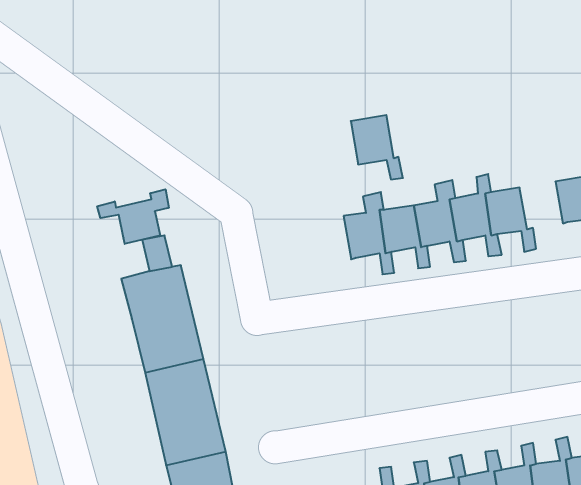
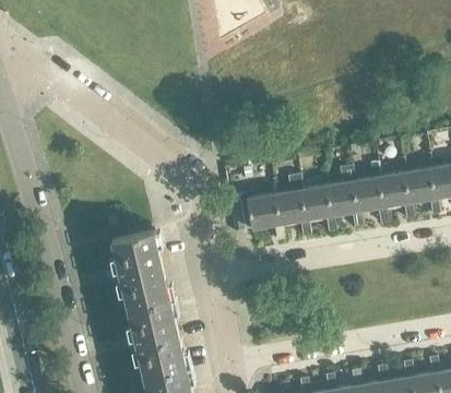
building: [351,115,403,179] -> [246,194,284,241]
building: none -> [401,169,439,215]
building: [97,189,169,244] -> none

